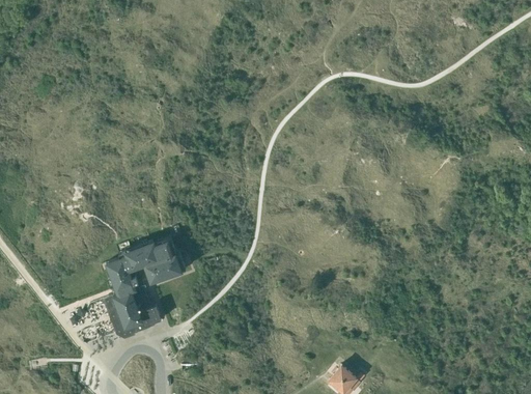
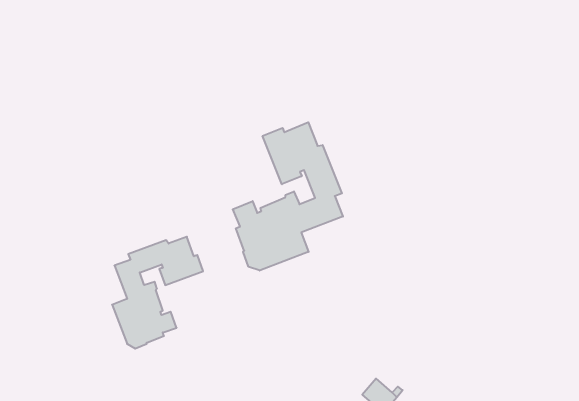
building: none -> [233,122,343,271]

